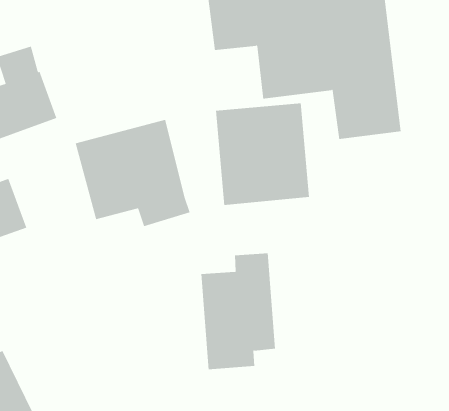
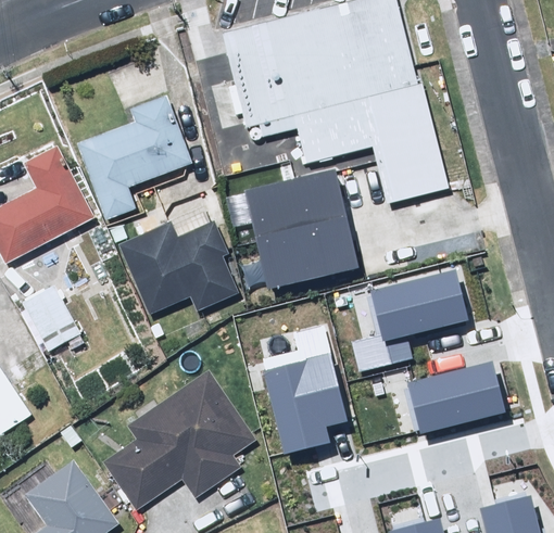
building: none -> [77,97,189,219]
building: none -> [352,268,470,372]
building: none -> [103,371,253,510]
building: none -> [408,360,507,434]

